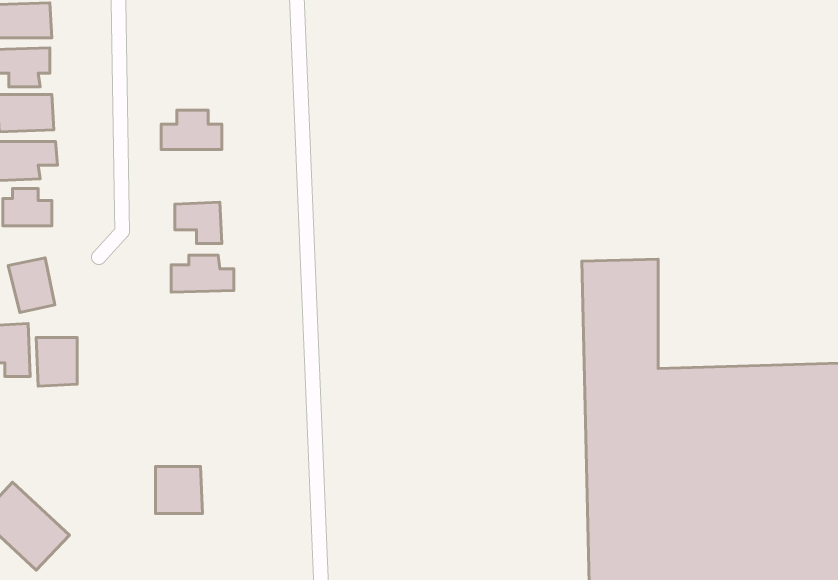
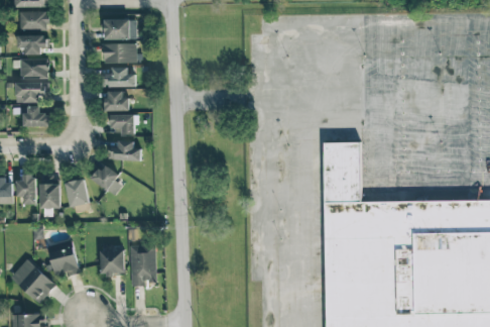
building: none -> [104,19,136,39]
building: none -> [103,43,137,64]
building: none -> [106,91,129,111]
building: [8,258,55,313] -> [65,179,89,207]
building: none -> [92,164,122,195]
building: none -> [48,245,81,277]
building: none -> [130,245,156,287]

